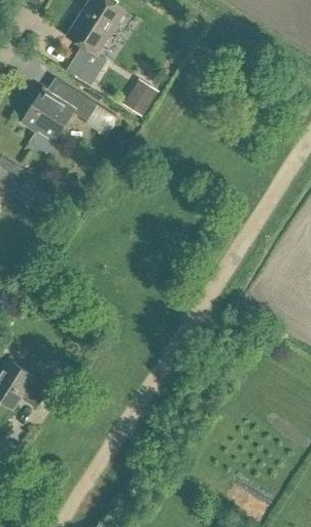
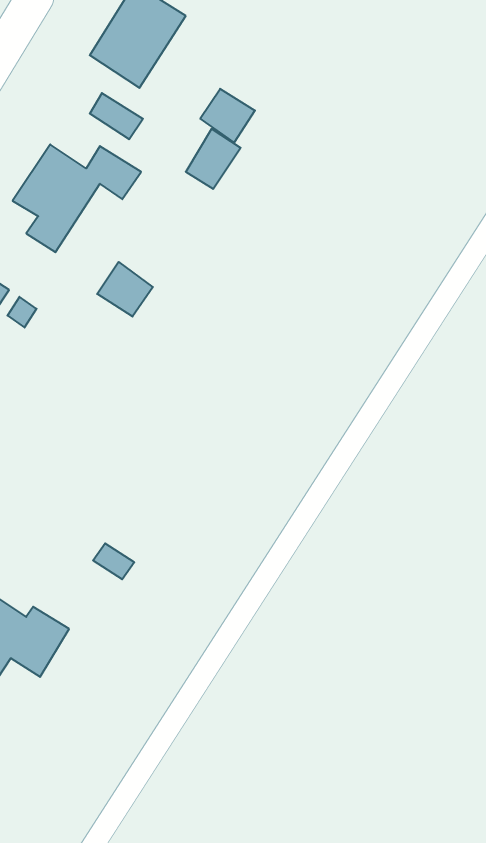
building: none -> [200,89,255,143]
building: none -> [97,262,153,317]

